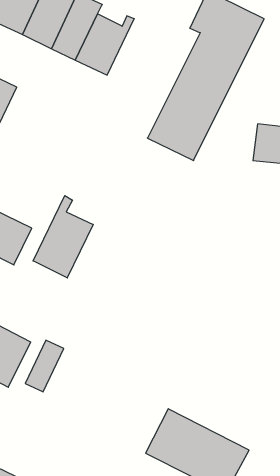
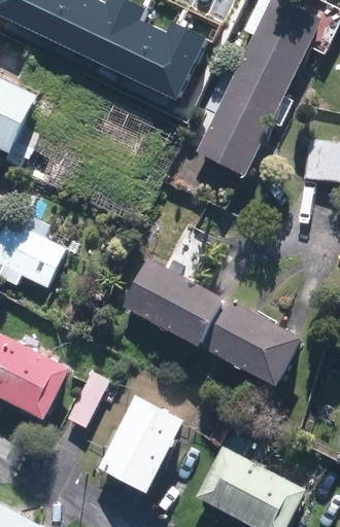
building: none -> [147,22,204,97]
building: [33,196,93,278] -> none
building: none -> [121,260,306,388]
building: none -> [92,397,181,494]

